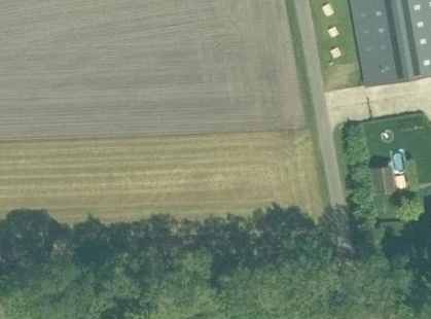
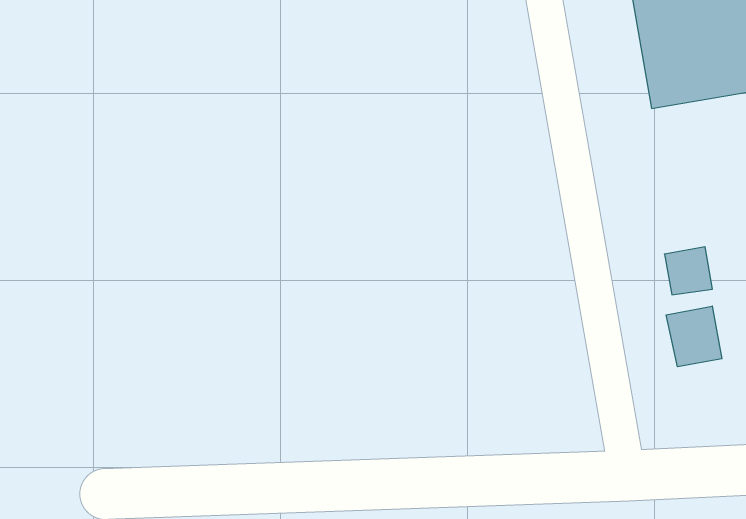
building: none -> [666,306,722,367]

